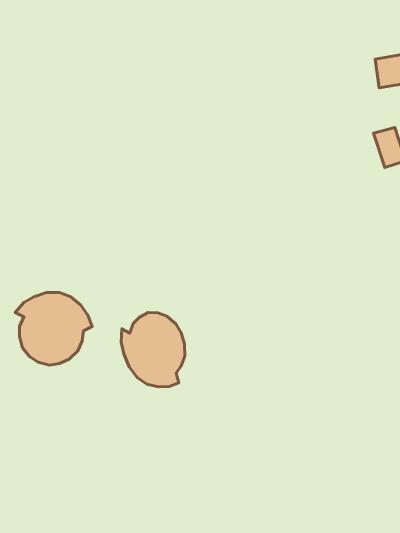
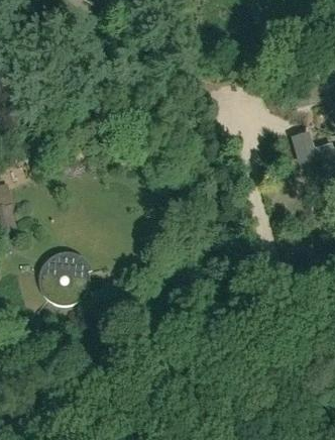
building: [121,312,185,387] -> none

